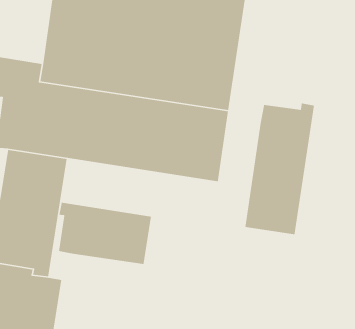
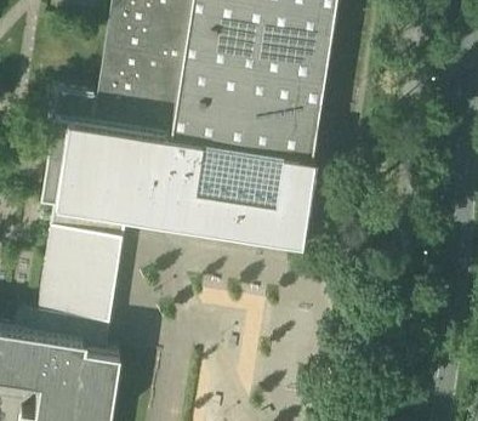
building: [244,102,315,235] -> none
building: [58,202,152,265] -> none

